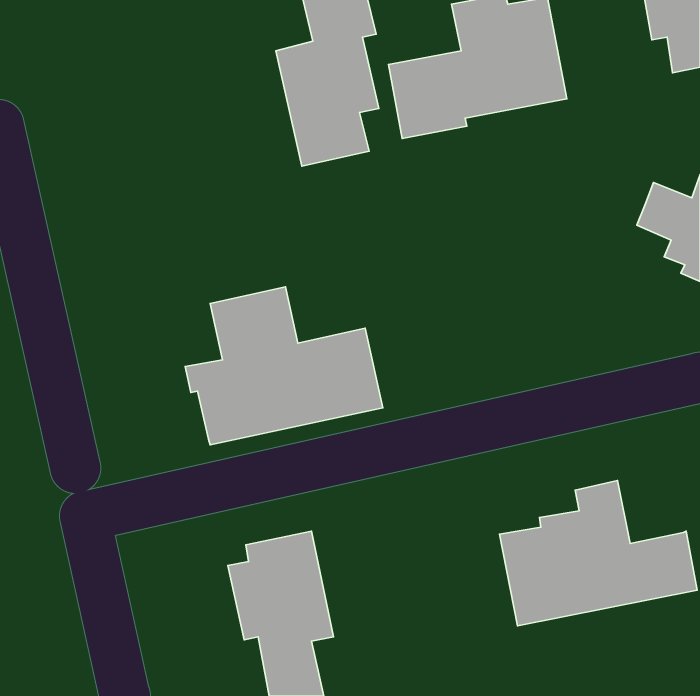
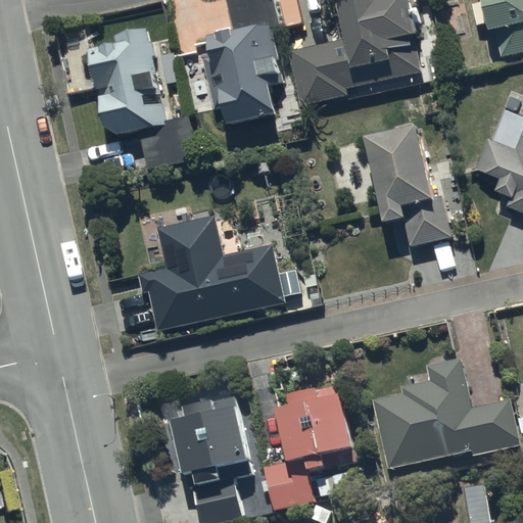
building: none -> [85,23,200,170]
building: none -> [363,127,451,244]
building: none -> [262,385,353,509]

